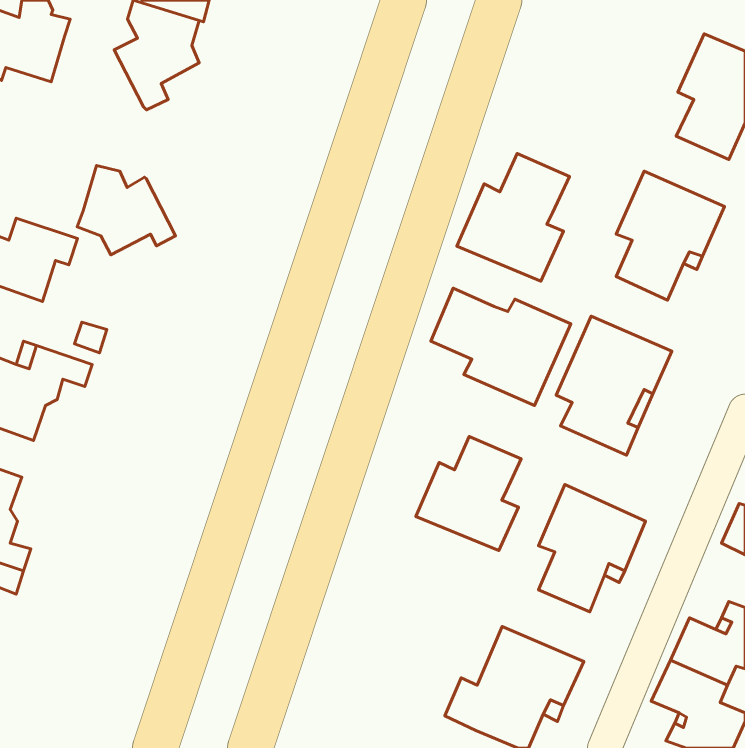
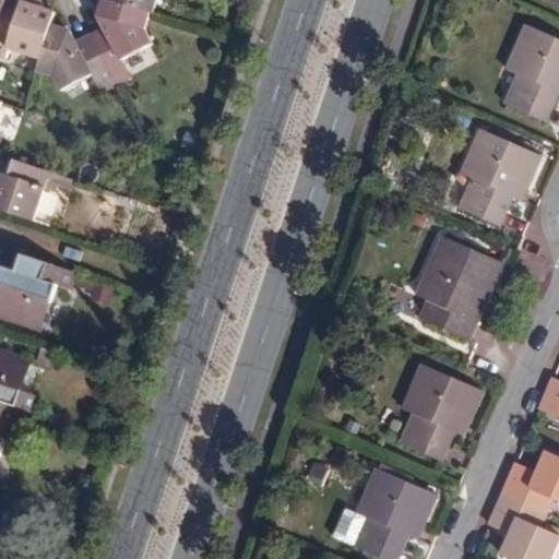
building: [457,153,570,281] -> none
building: [77,165,175,255] -> [34,27,107,94]
building: [431,288,571,406] -> none
building: [416,437,521,550] -> none

